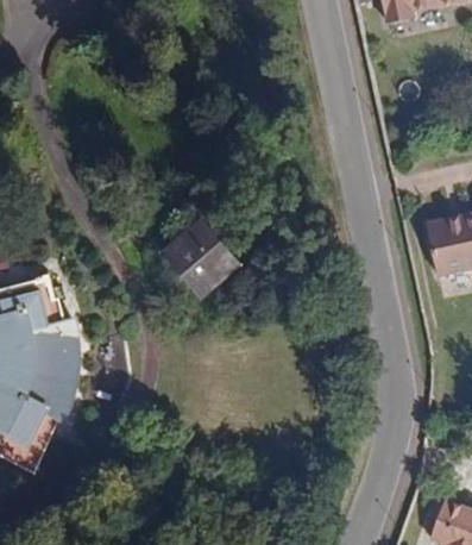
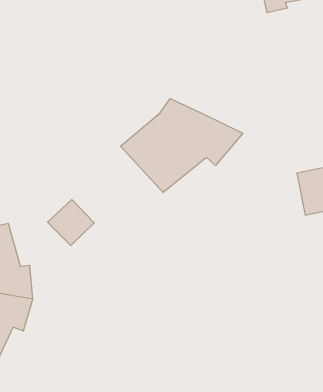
building: none -> [120,99,243,193]
building: [170,228,229,287] -> [48,200,94,245]

